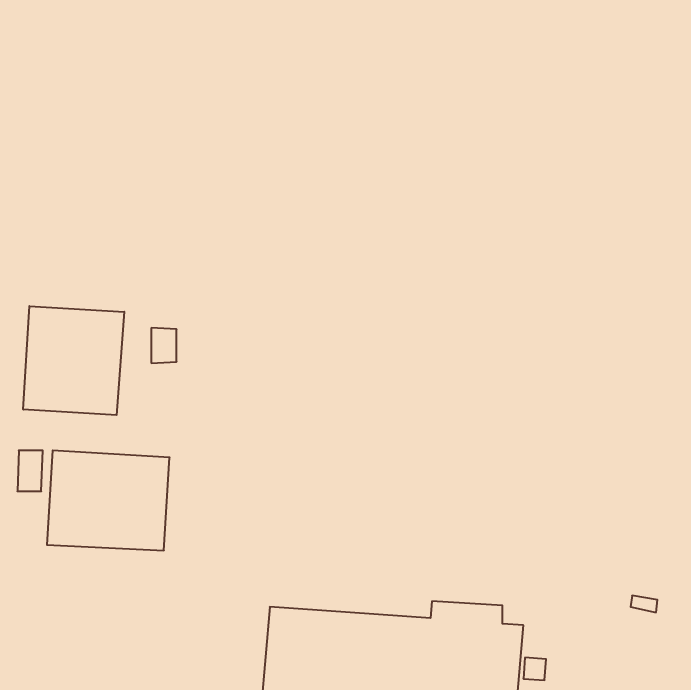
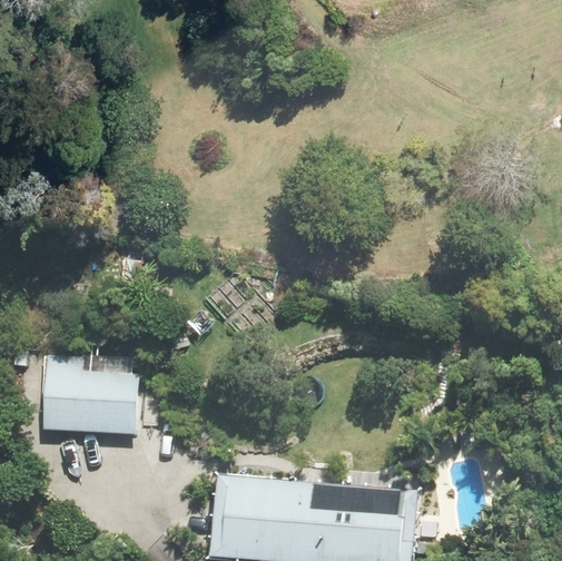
building: [23,306,124,415] -> none

